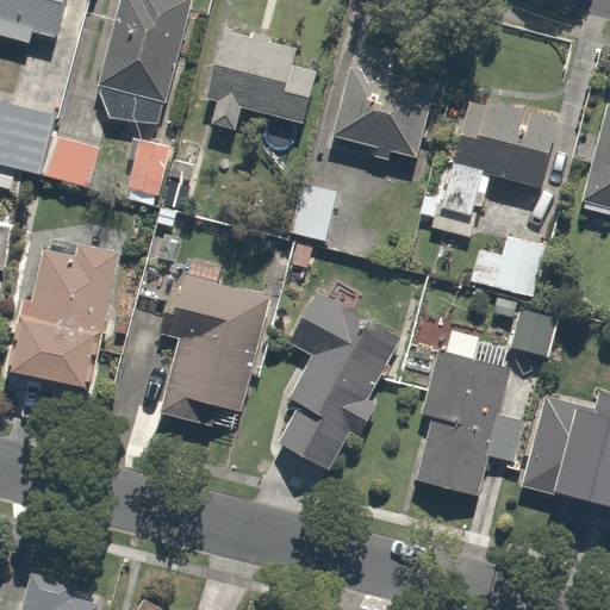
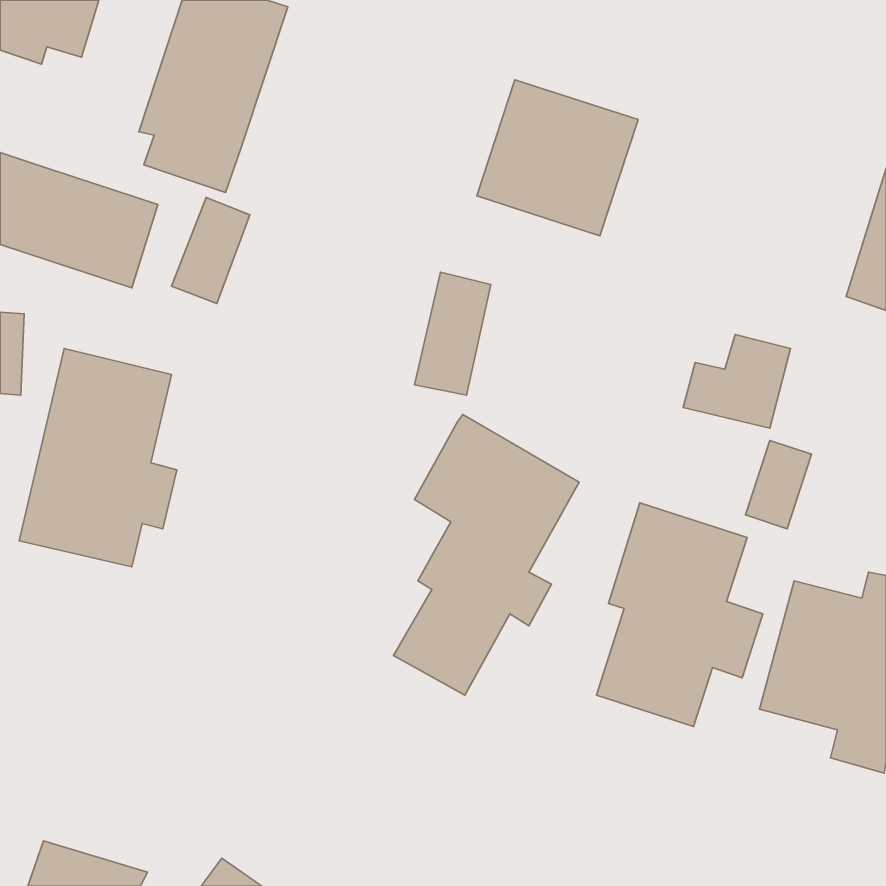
building: [207,27,313,136] -> none
building: [429,88,562,243] -> none
building: [157,264,270,425] -> none

